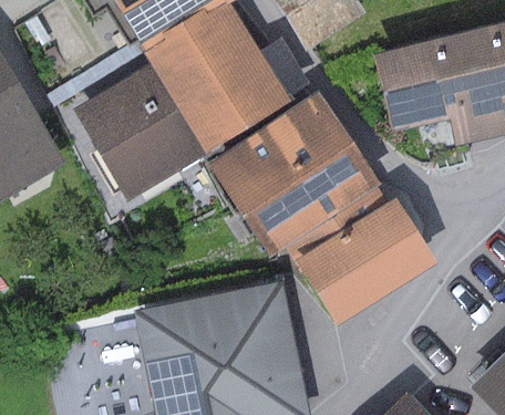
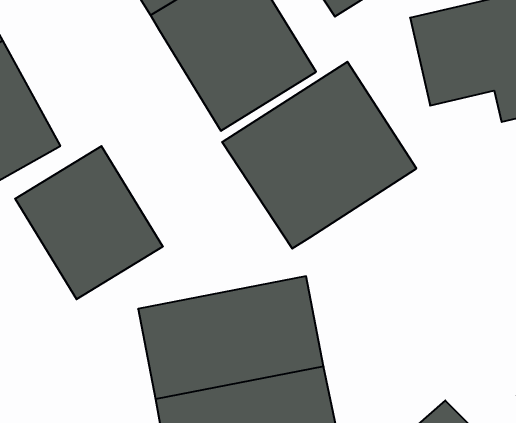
building: [75,64,206,199] -> [15,146,163,299]
building: [285,186,436,325] -> none

